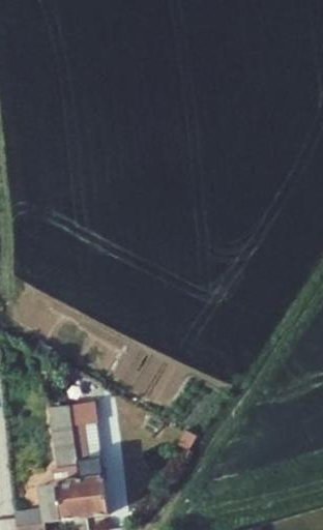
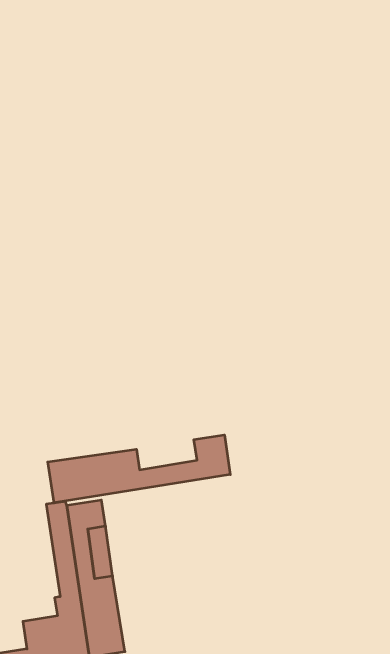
building: none -> [48,435,230,503]

